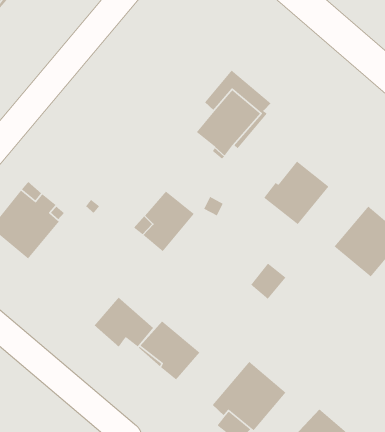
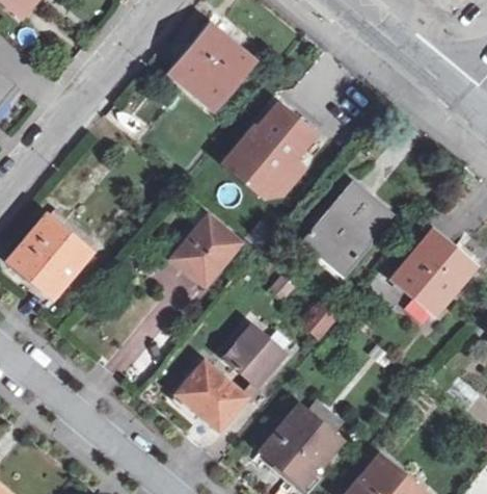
building: none -> [169,28,251,110]
building: none -> [298,226,353,277]
building: none -> [222,327,283,386]
building: [94,297,154,348] -> none

